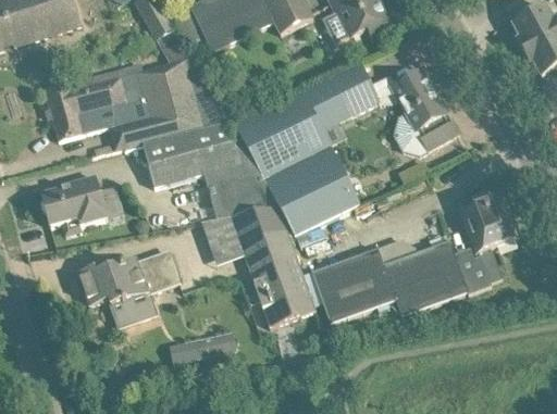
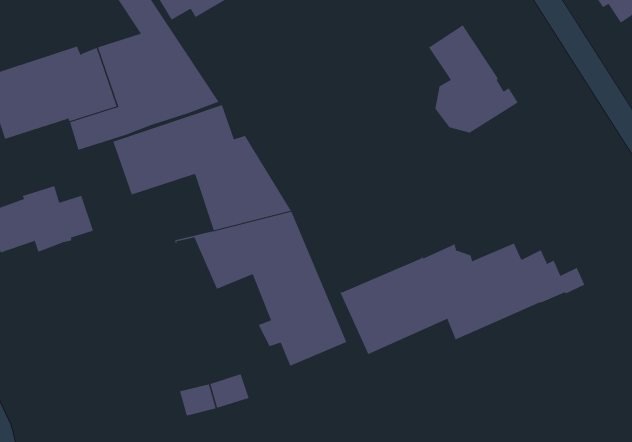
building: [235,62,380,236] -> none
building: [462,197,517,252] -> none
building: [78,251,180,319] -> none

